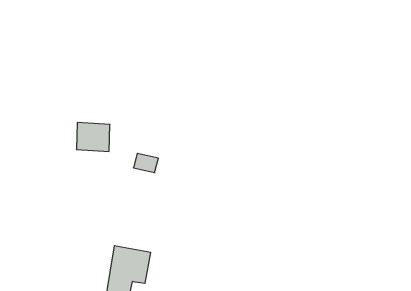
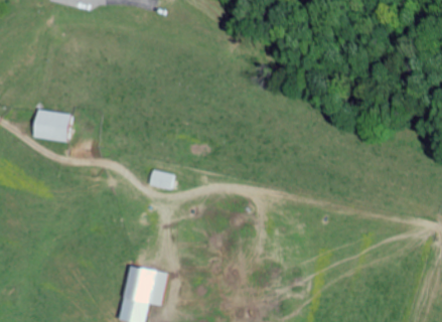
building: [76,123,110,151] -> [33,110,68,140]

